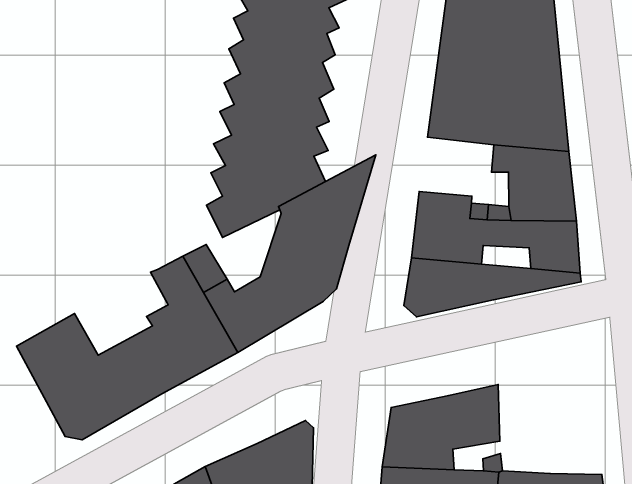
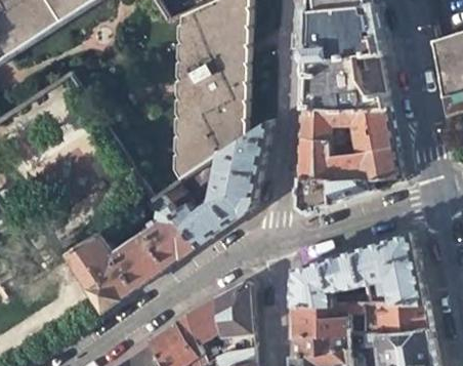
building: none -> [297,107,339,140]
building: none -> [354,232,421,300]

